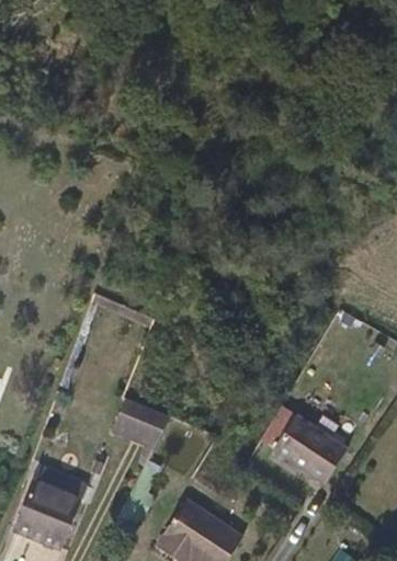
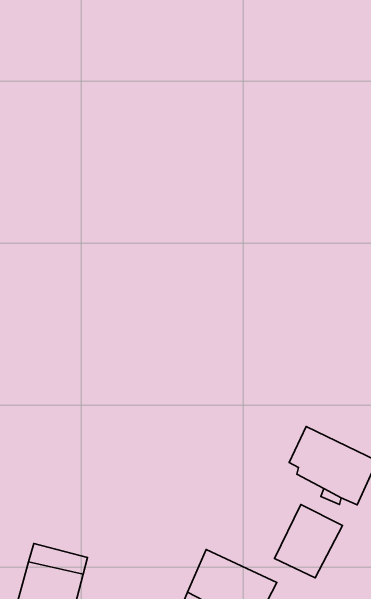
building: [104,403,168,457] -> none
building: none -> [275,504,342,578]

